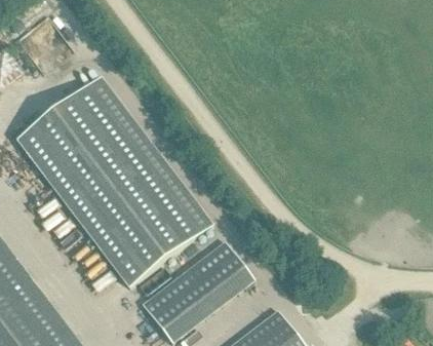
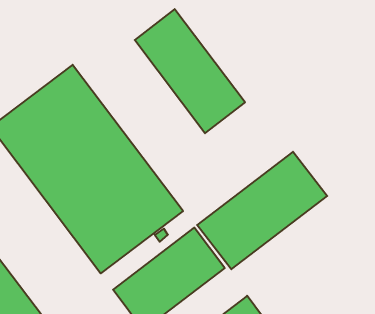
building: none -> [135,9,245,133]
building: none -> [197,152,327,269]

